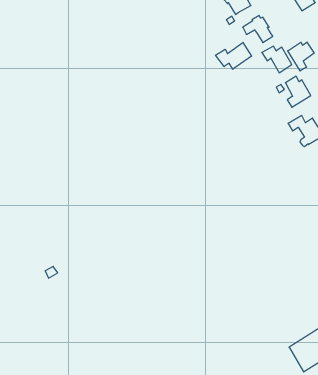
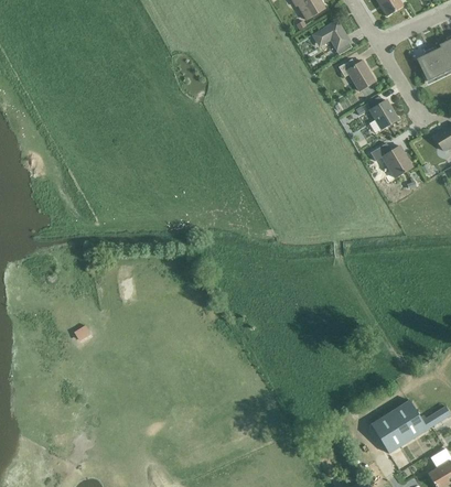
building: [288,42,314,71] -> none
building: [216,42,252,69] -> none

